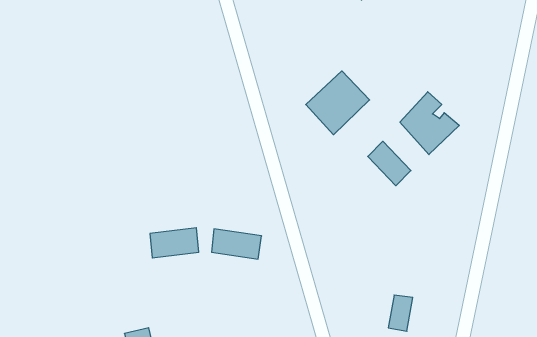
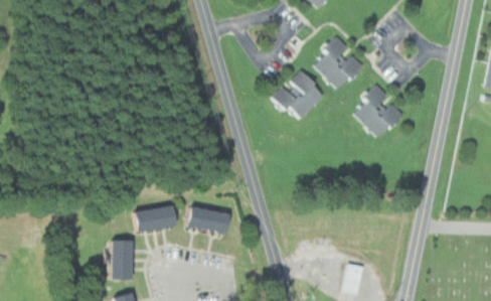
building: none -> [314,51,363,91]
building: [368,141,411,186] -> none
building: none -> [112,240,133,279]

